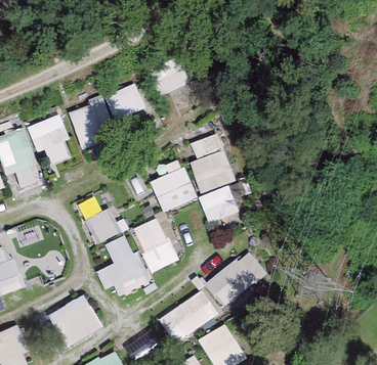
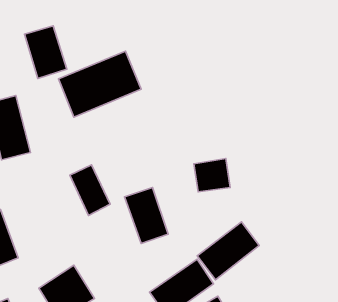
building: [31,112,73,165] -> [24,26,67,79]
building: [184,132,237,193] -> none
building: [151,167,198,214] -> none
building: [102,233,146,295] -> none

